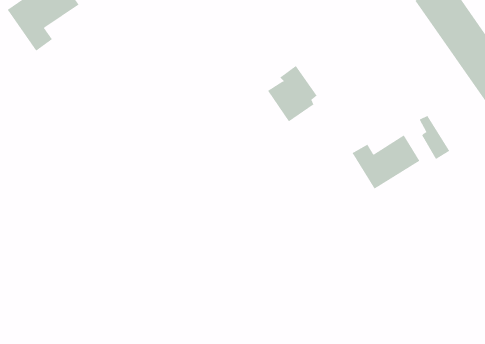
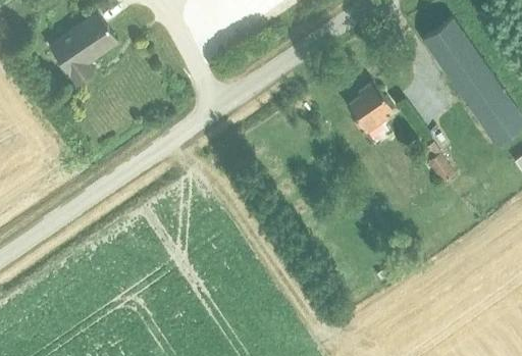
building: [267,65,318,122] -> [347,82,393,134]
building: [352,134,420,190] -> none

